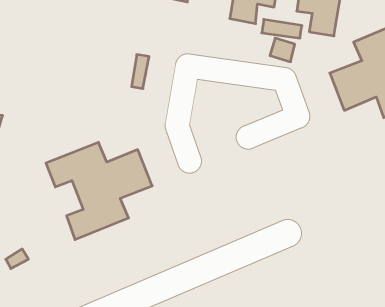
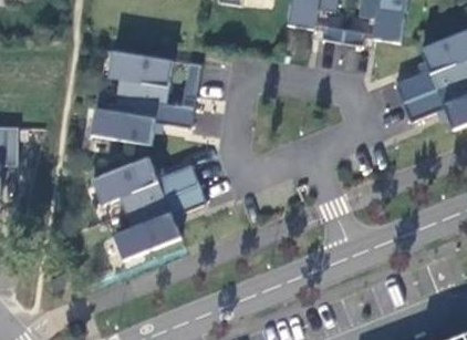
building: none -> [90,49,193,144]

